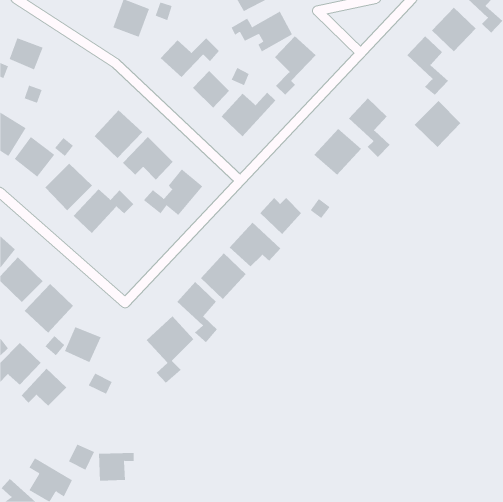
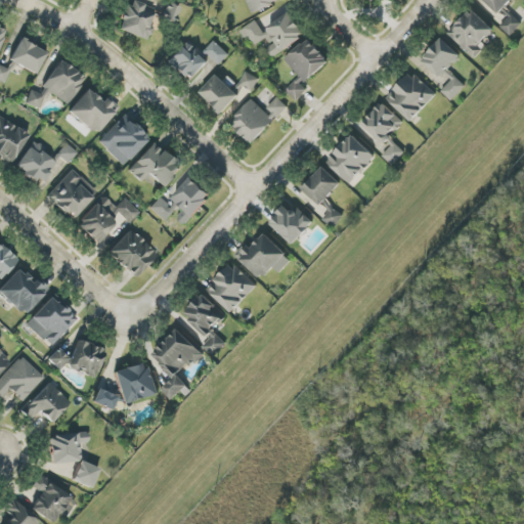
building: none -> [40,59,84,102]
building: none -> [68,88,119,134]
building: [414,100,461,148] -> [386,71,435,120]
building: none -> [302,165,341,204]
building: none -> [106,229,156,277]
building: none -> [114,361,156,402]
building: [98,453,135,481] -> [49,433,87,463]

